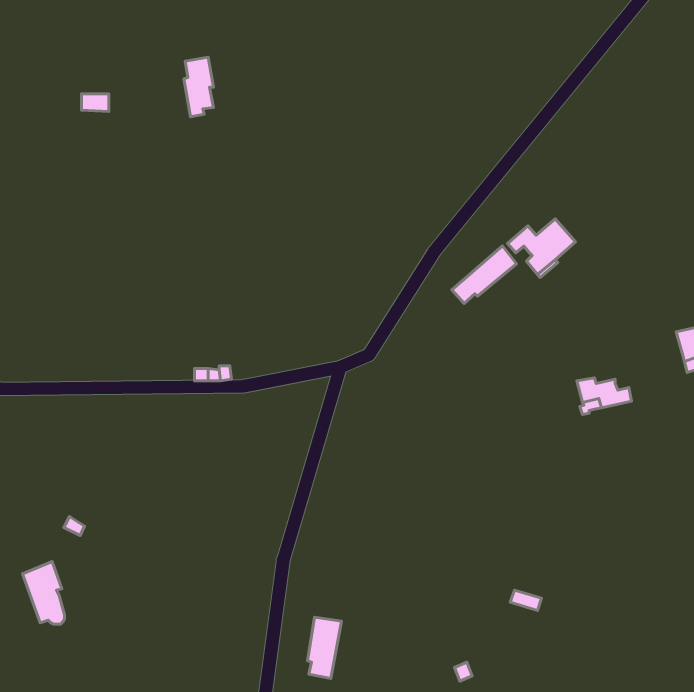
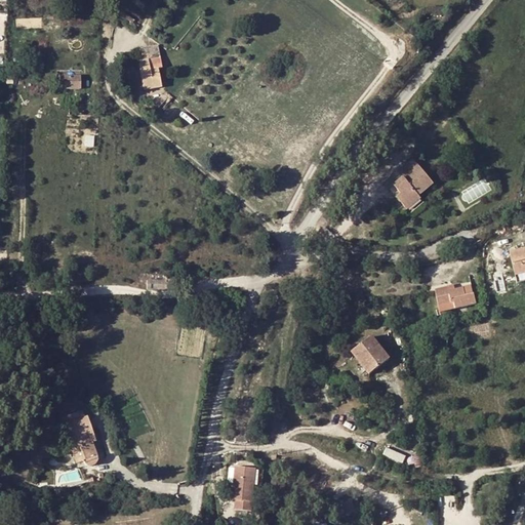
building: [452,246,517,304] -> none
building: none -> [353,333,390,371]
building: [22,562,65,624] -> [65,414,96,461]

